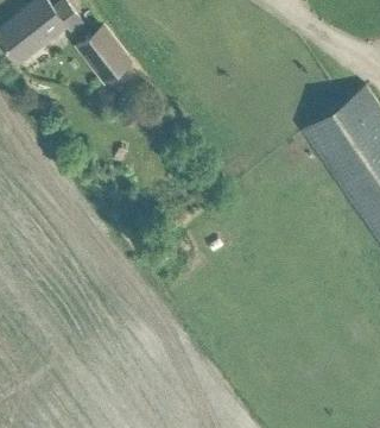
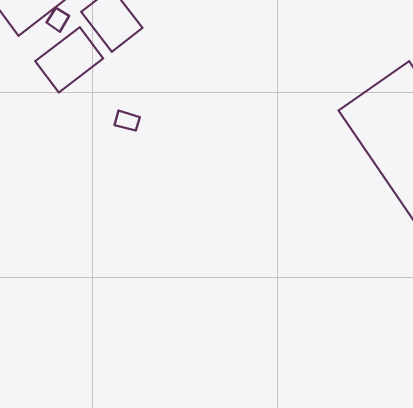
building: none -> [35,27,103,93]

